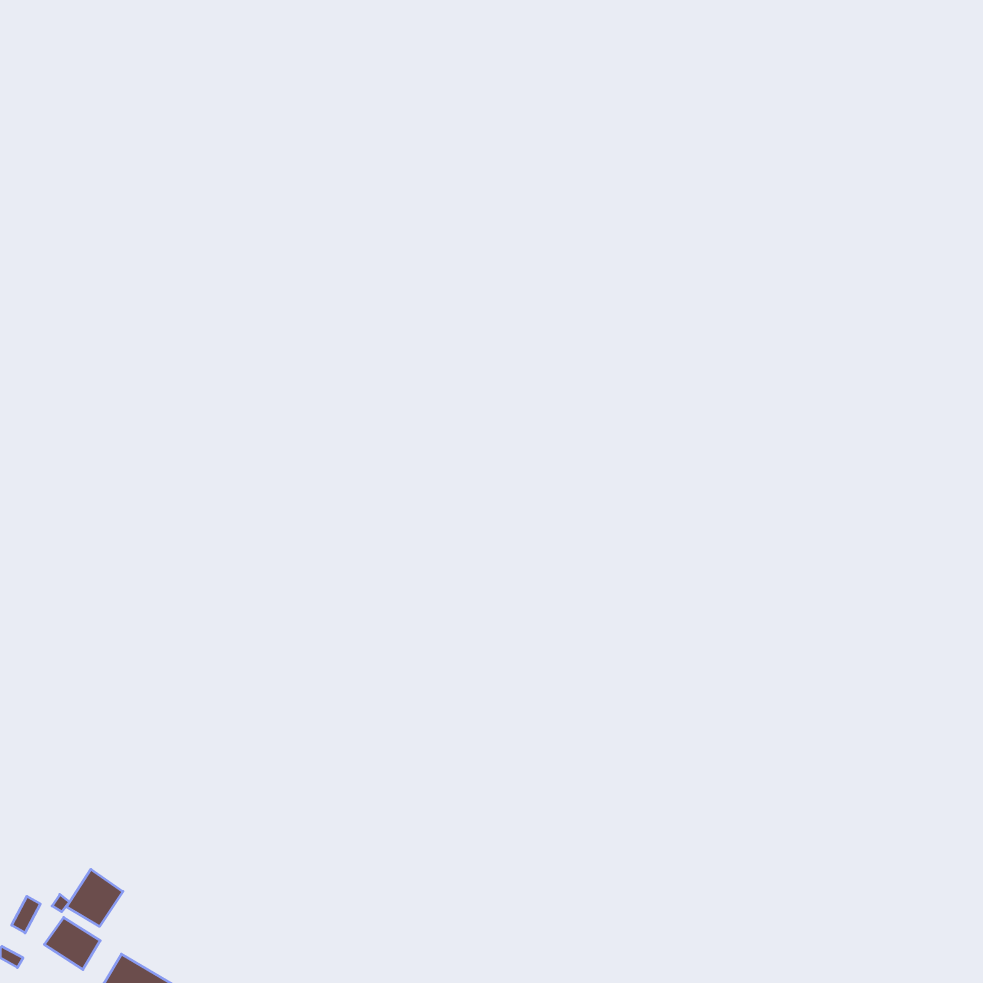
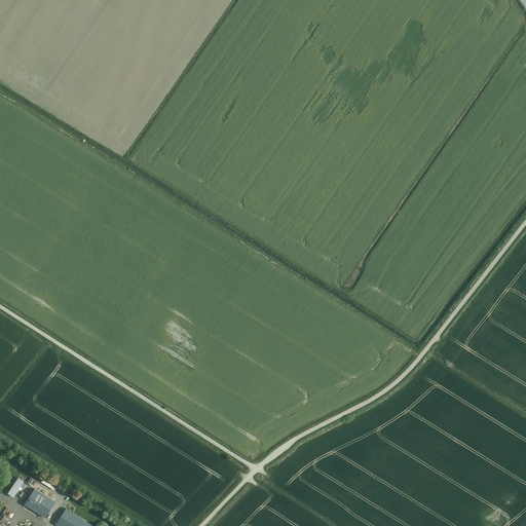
building: [67,869,123,926] -> none

